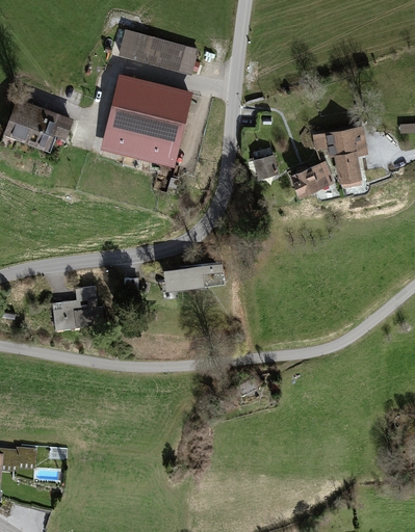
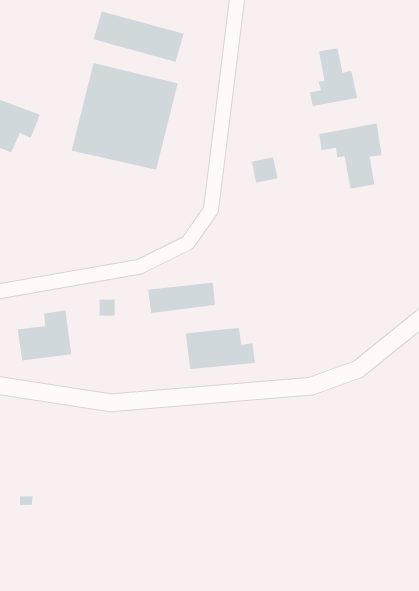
building: none -> [309,47,358,107]
building: [290,161,334,197] -> none
building: none -> [185,327,255,370]

